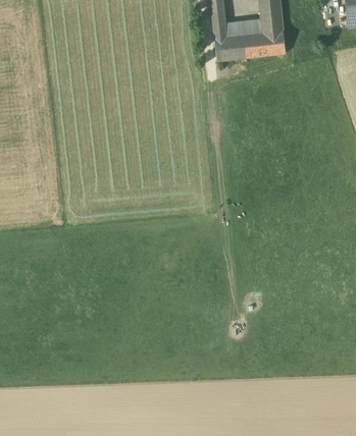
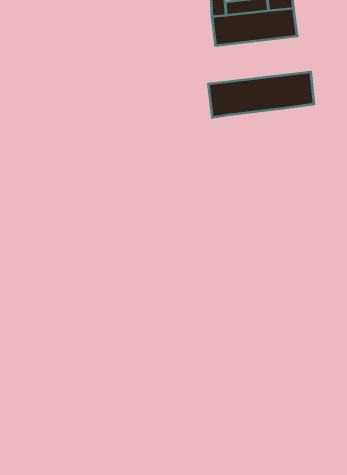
building: none -> [209,72,314,118]

